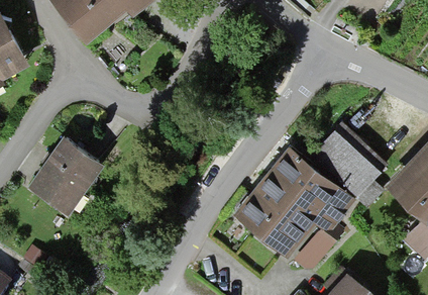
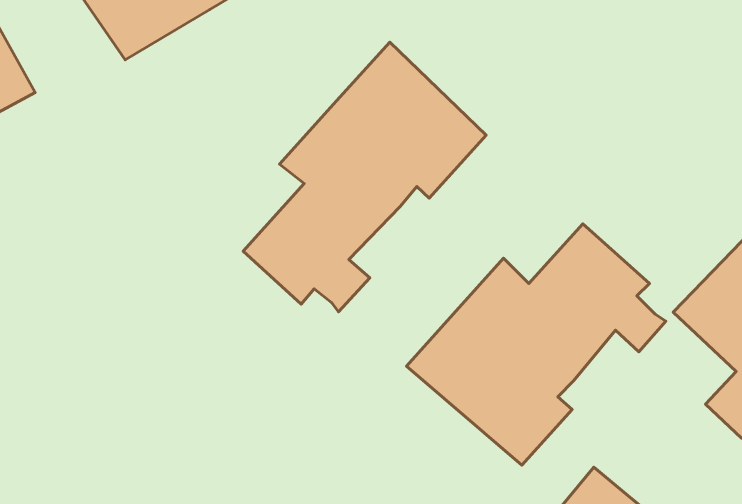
building: none -> [243,42,486,312]
building: [26,134,104,214] -> none

